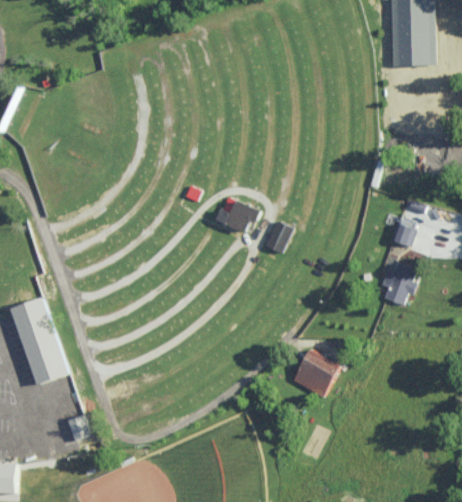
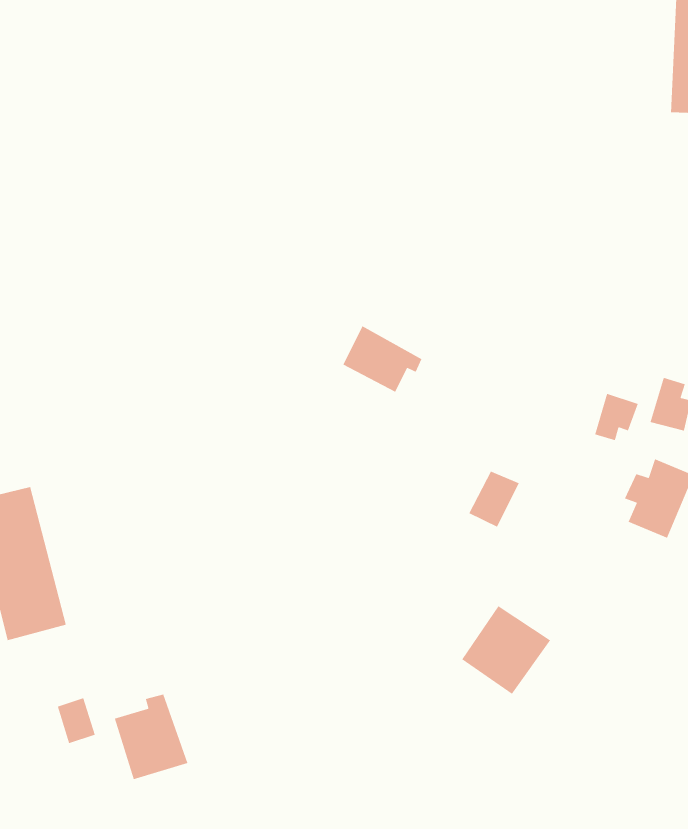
building: [264,221,292,253] -> [468,470,520,528]
building: none -> [594,393,639,441]
building: none -> [114,694,188,780]

